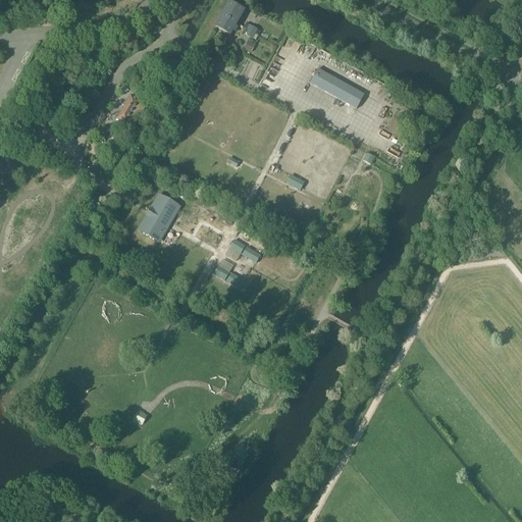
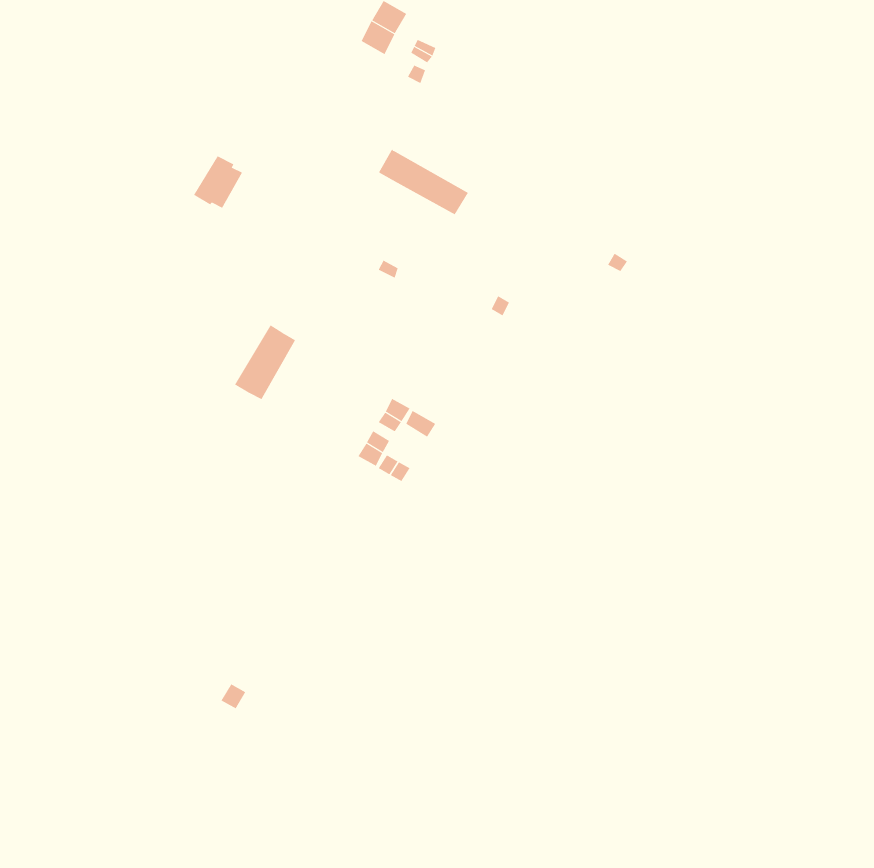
building: [309,66,363,106] -> [378,149,469,215]

